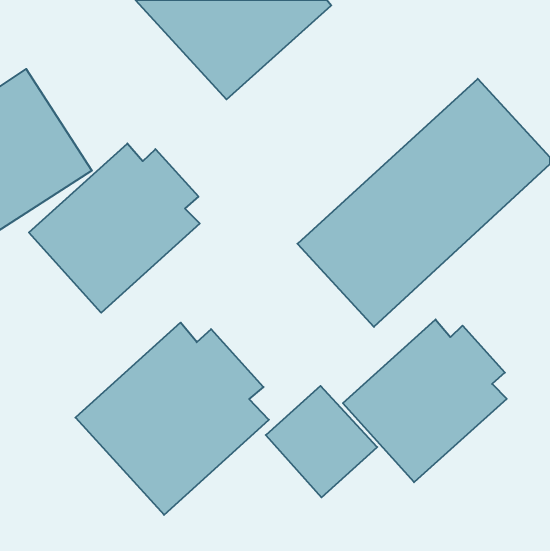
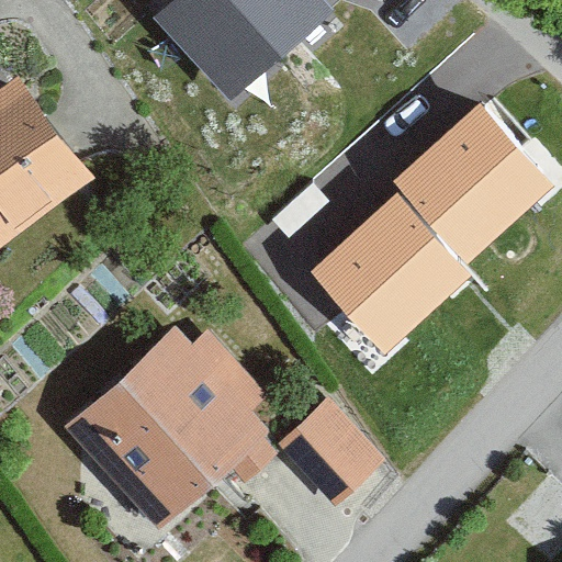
building: [29,143,200,313] -> none
building: [343,319,507,482] -> none

